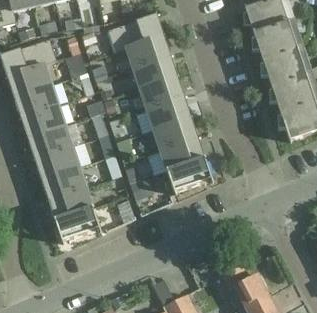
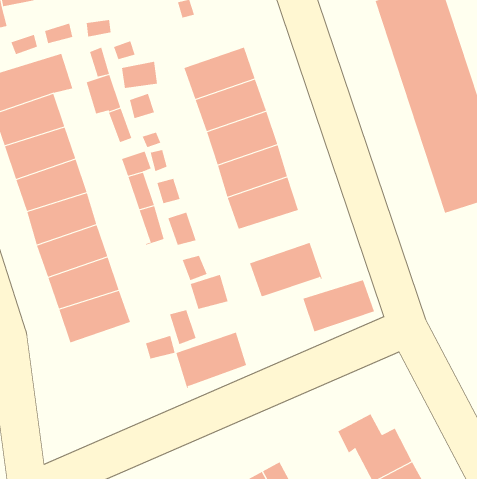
building: [107,13,163,53] -> none
building: [159,138,204,171] -> [303,279,375,332]
building: [54,208,99,244] -> [176,332,248,390]

